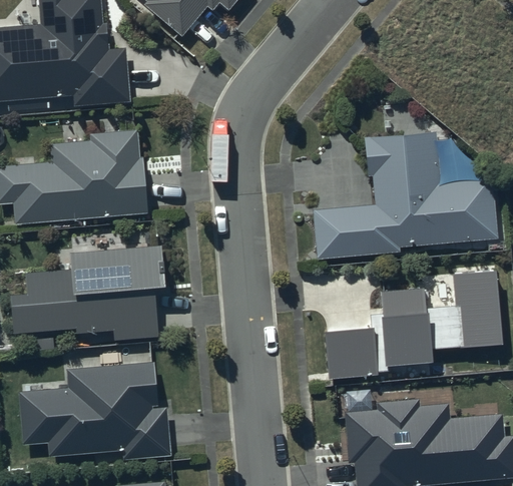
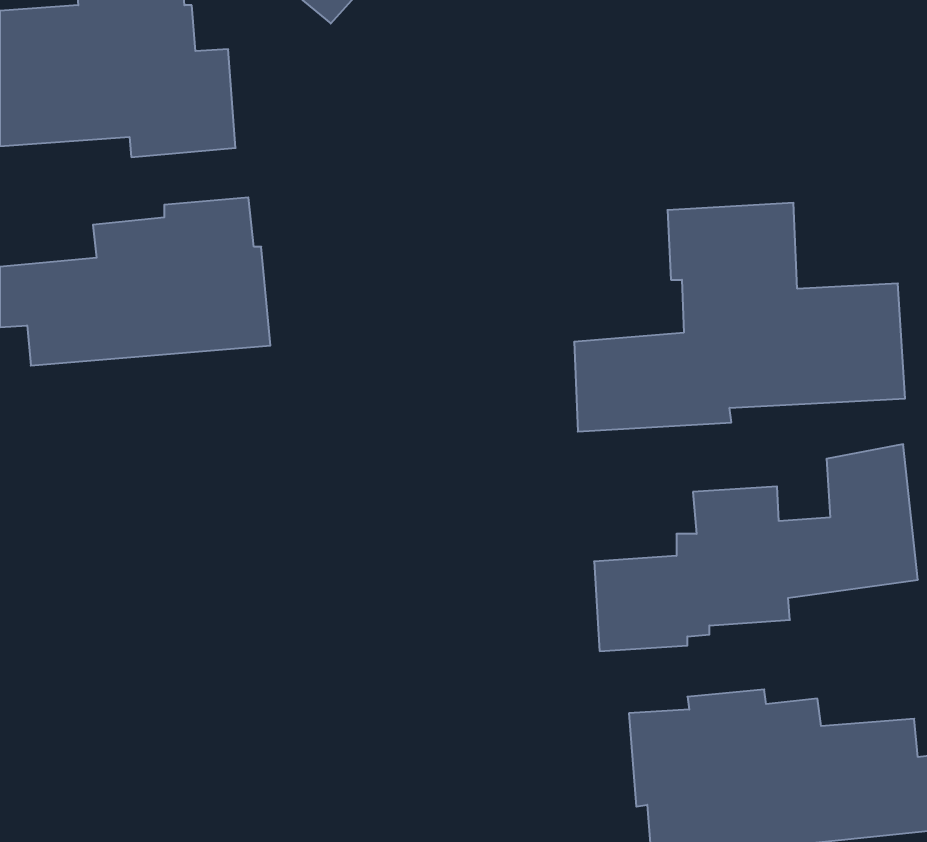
building: [11,247,164,340] -> none
building: [19,361,170,458] -> none

